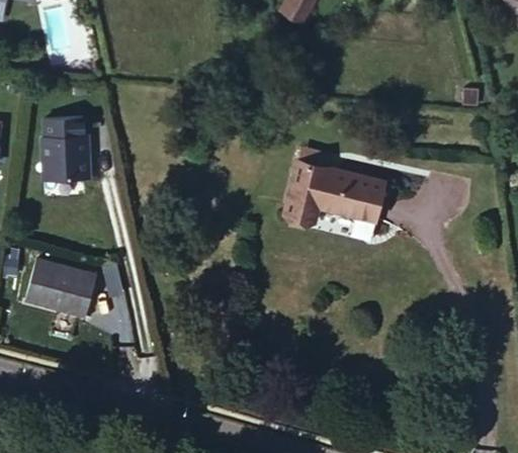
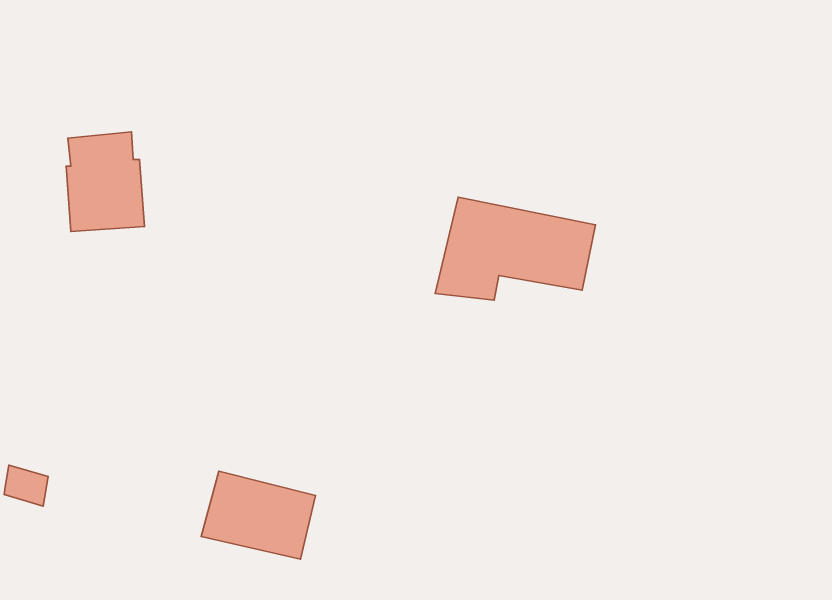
building: [44,258,114,312] -> [201,471,315,559]

